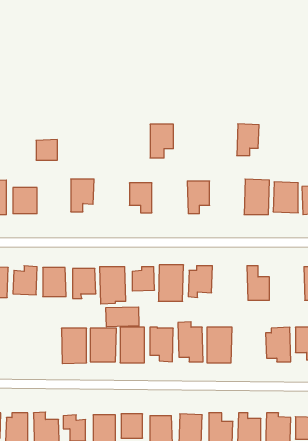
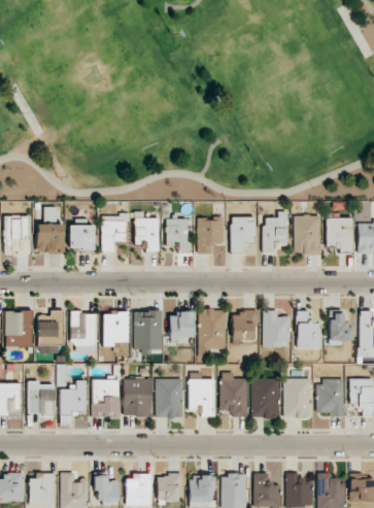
building: [237,124,259,156] -> [263,217,287,252]
building: [150,124,173,158] -> [198,216,224,253]
building: [36,140,57,160] -> [70,225,94,247]
building: none -> [135,211,161,251]
building: none -> [263,310,290,346]
building: none -> [330,313,352,344]
building: [106,307,139,327] -> none
building: none -> [284,378,312,417]
building: none -> [29,380,55,417]
building: none -> [61,380,88,425]

